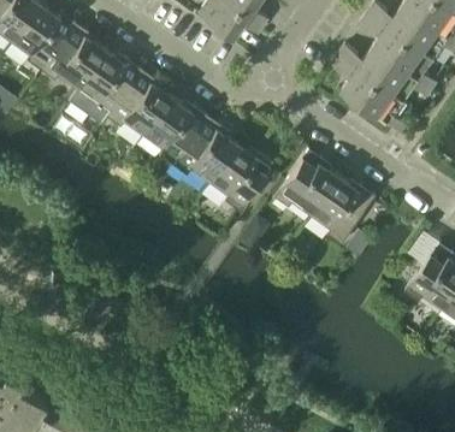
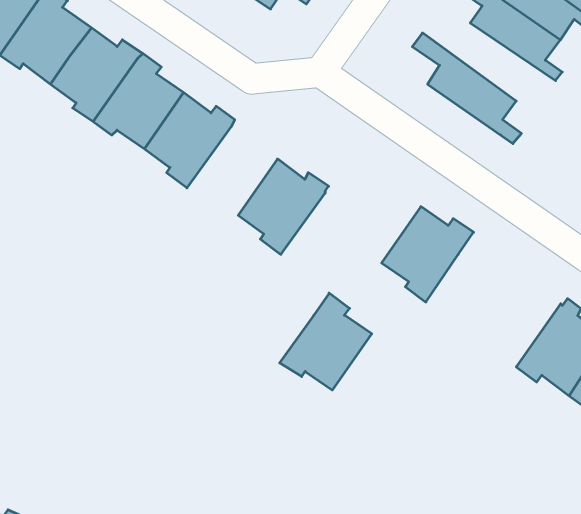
building: [338,46,432,103] -> none
building: [172,122,236,184] -> none
building: [272,149,337,218] -> [280,293,372,390]

